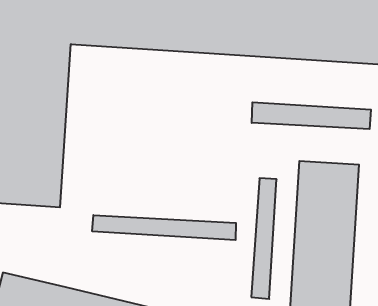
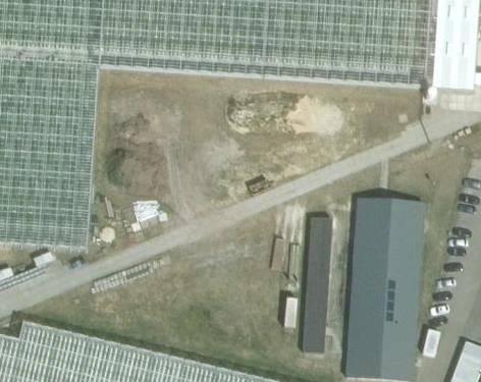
building: [252,102,371,129] -> none
building: [92,215,236,240] -> none

